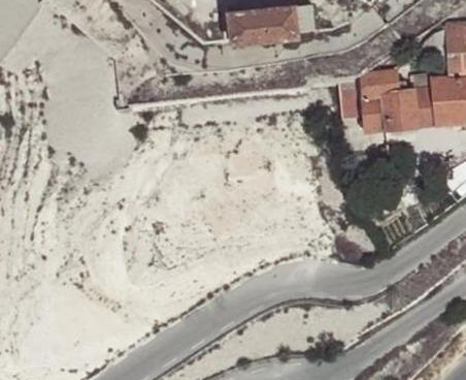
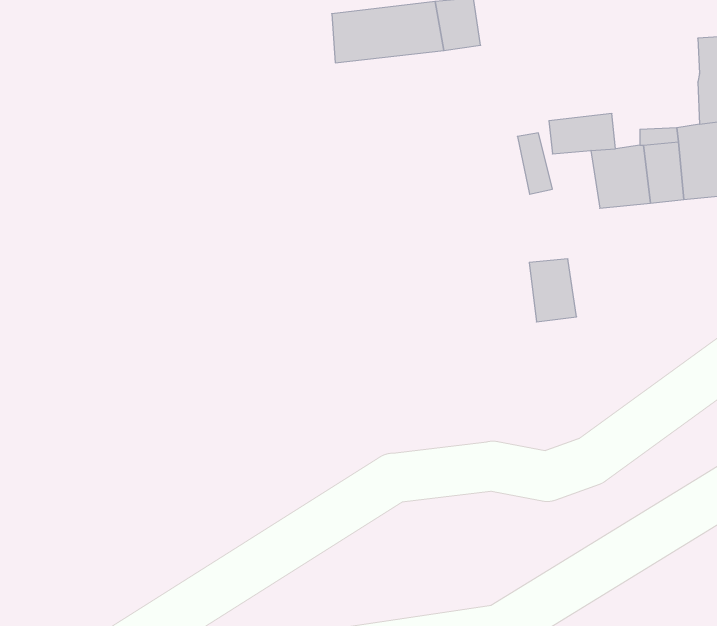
building: [361,94,389,131] -> [529,259,577,322]

